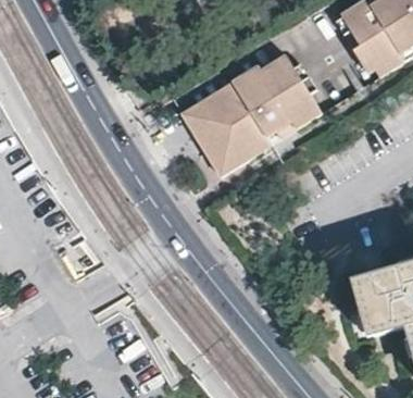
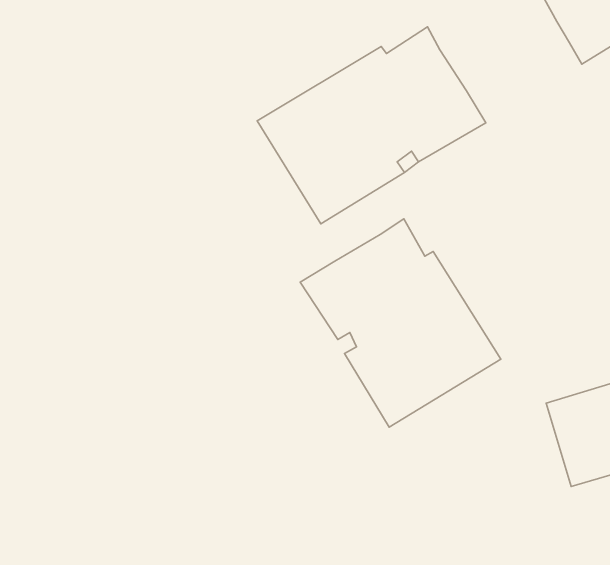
building: none -> [300,219,501,427]

